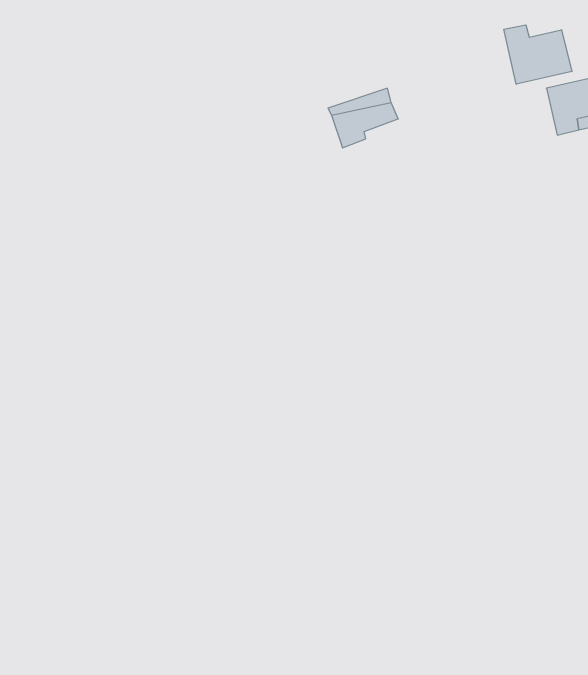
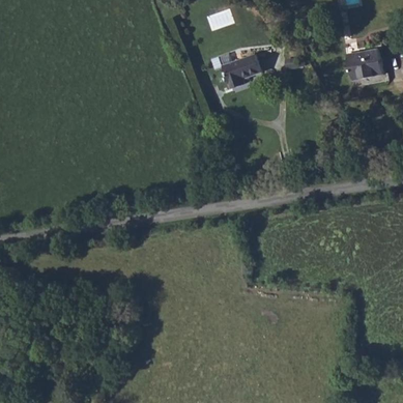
building: [504,25,572,84] -> none

